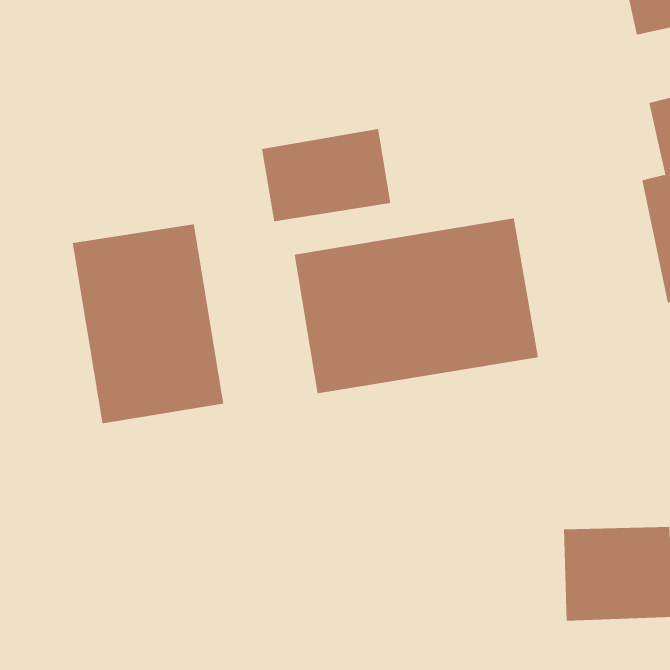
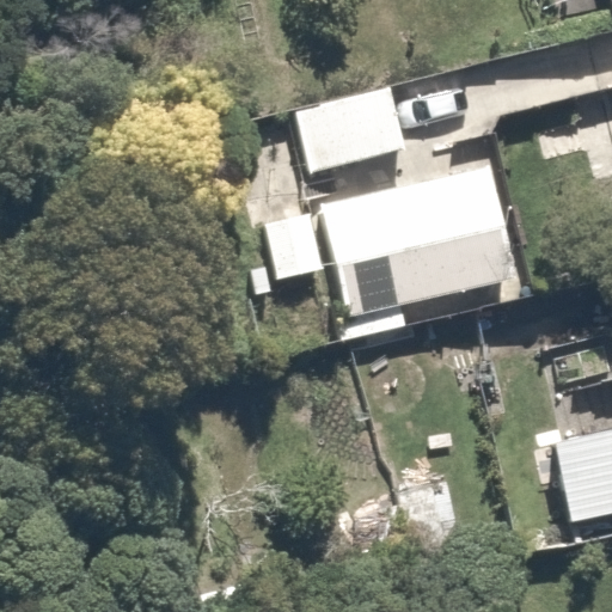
building: [72,224,224,424] -> none

